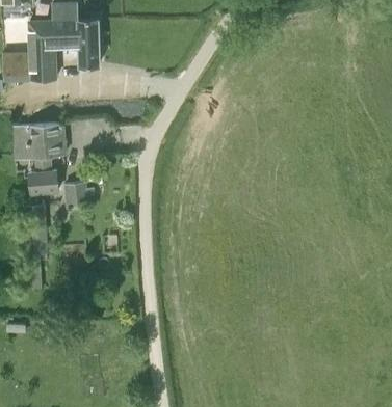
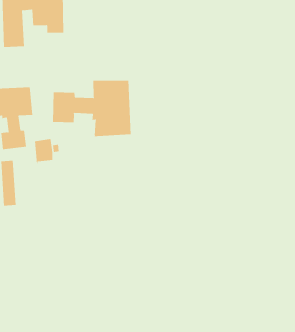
building: none -> [52,80,131,137]

